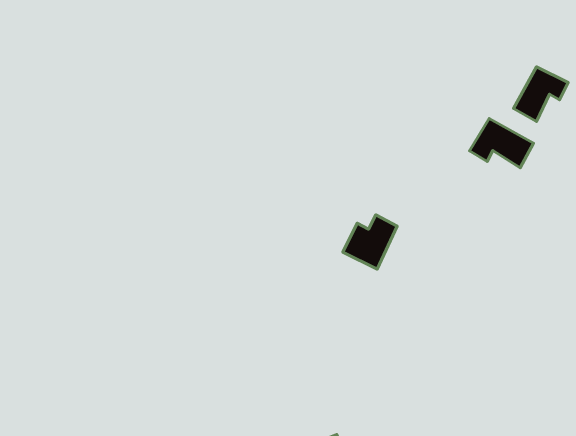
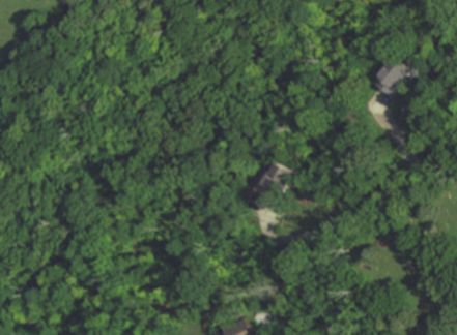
building: [470,119,534,168] -> none

